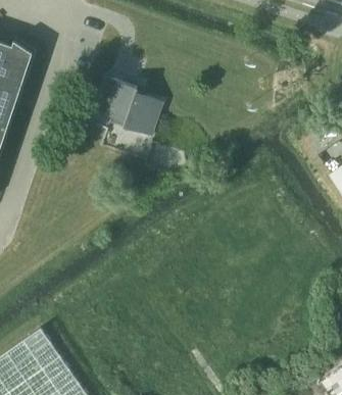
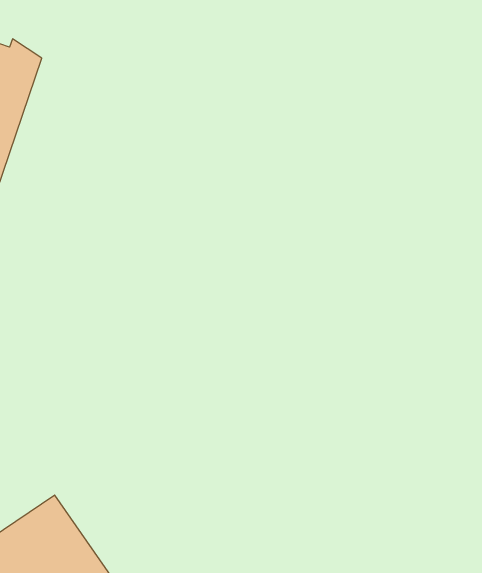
building: [98,78,160,135] -> none

